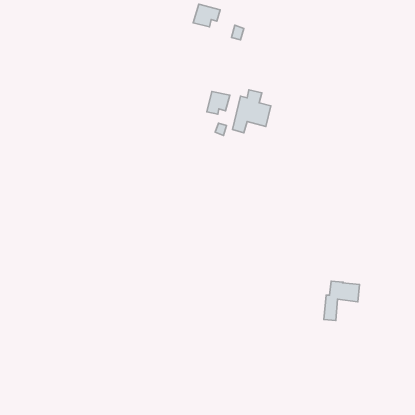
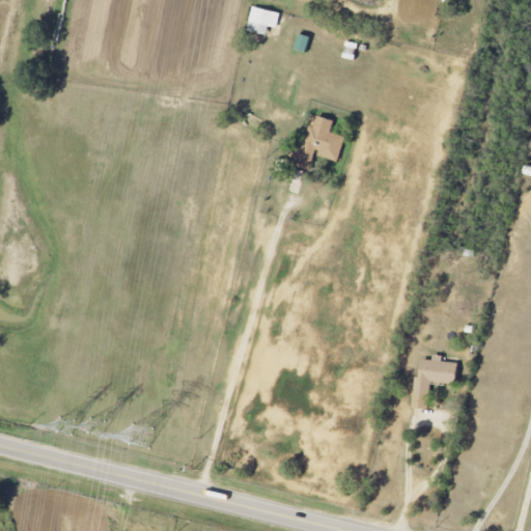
building: [207,92,230,114] -> none

